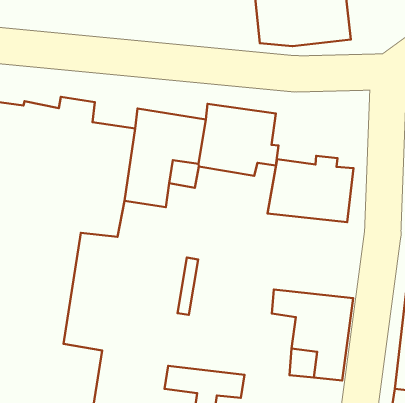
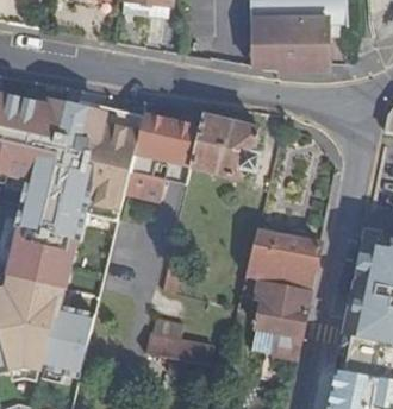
building: [268,156,354,222] -> [244,231,320,289]

